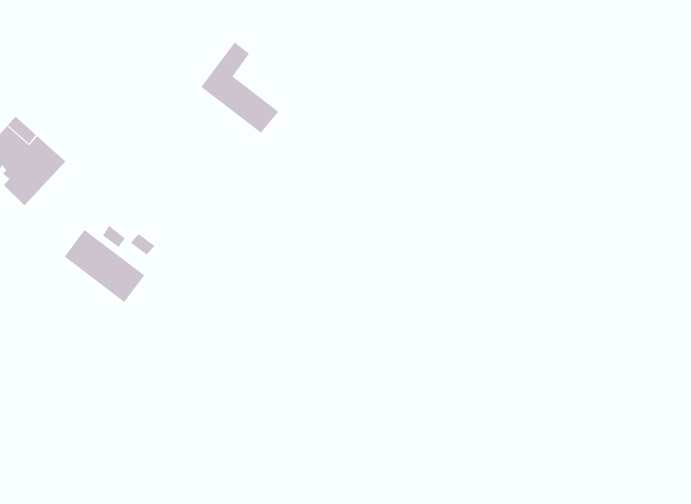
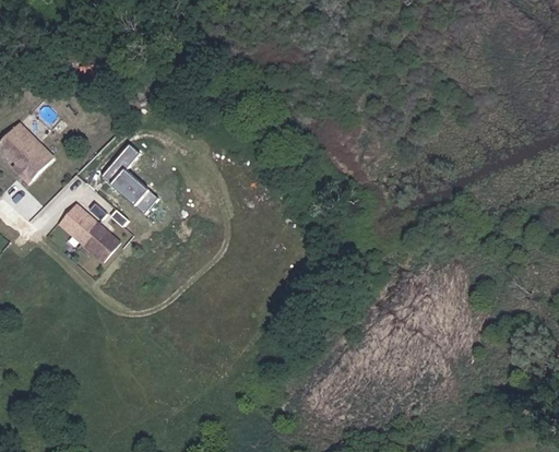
building: [200,41,279,133] -> [99,143,157,213]

